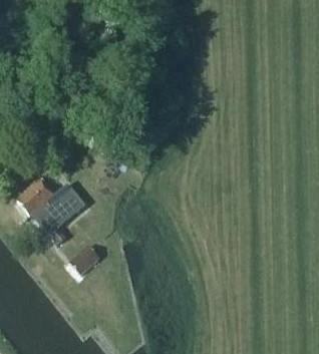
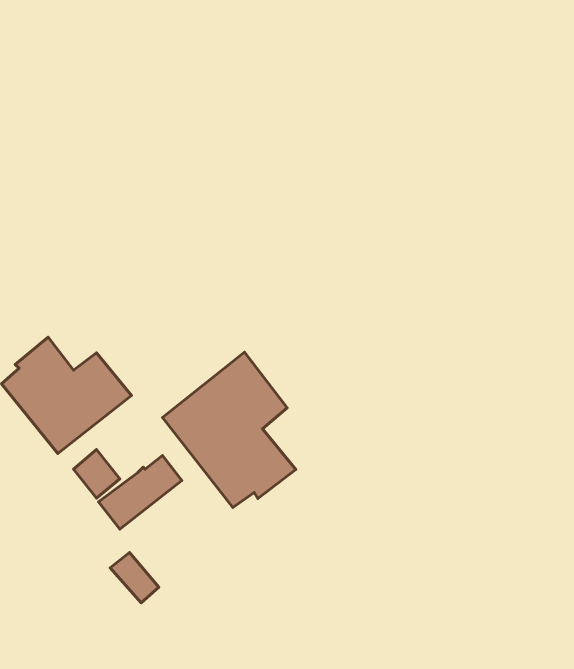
building: none -> [163,352,296,508]

